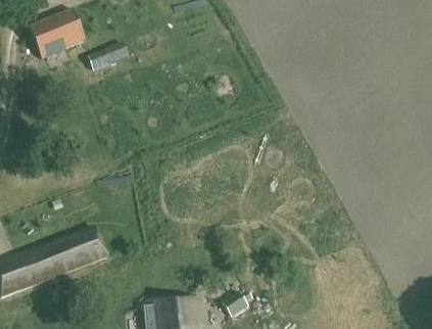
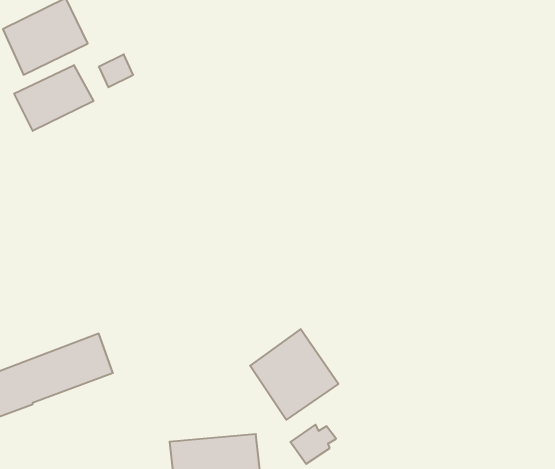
building: none -> [14,65,93,131]
building: none -> [250,329,338,420]

